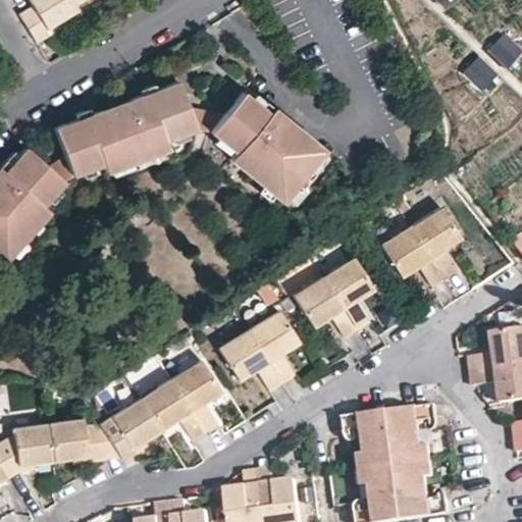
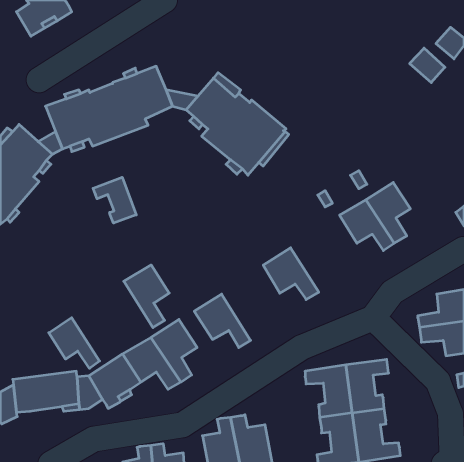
building: none -> [93,177,136,223]
building: [326,261,375,330] -> none
building: [249,314,300,384] -> [124,265,169,328]
building: none -> [49,318,100,368]

